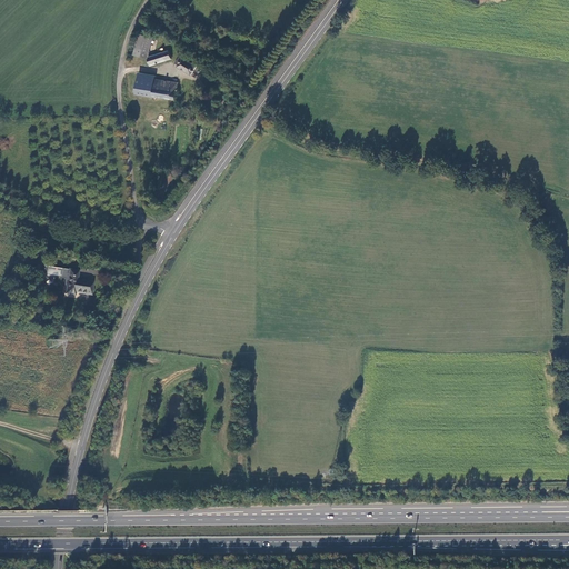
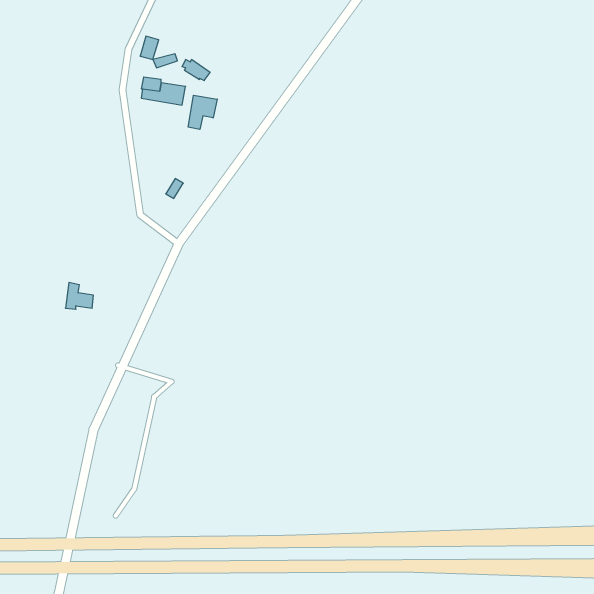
building: none -> [188,95,217,129]

